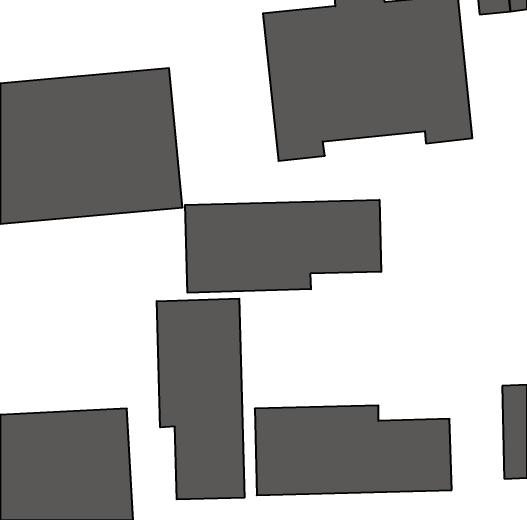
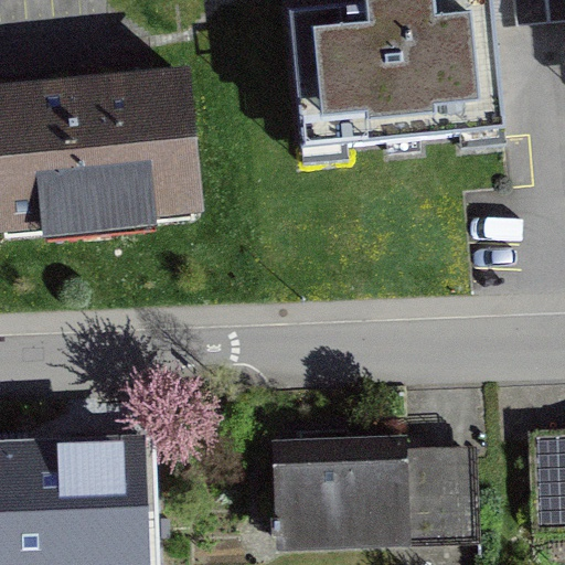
building: [185,200,381,293] -> none
building: [157,299,244,499] -> none

